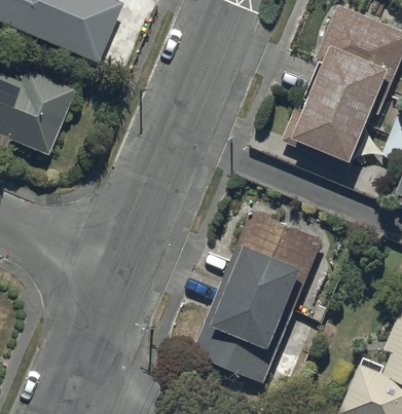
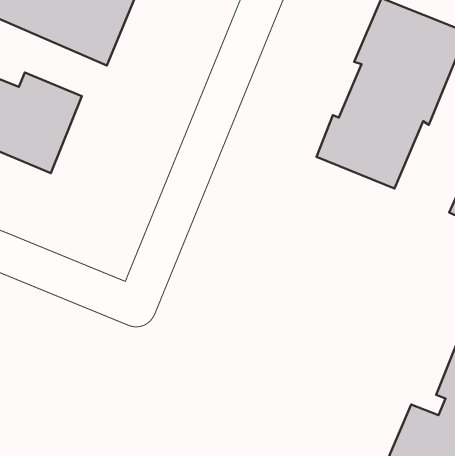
building: [191,213,323,385] -> none

